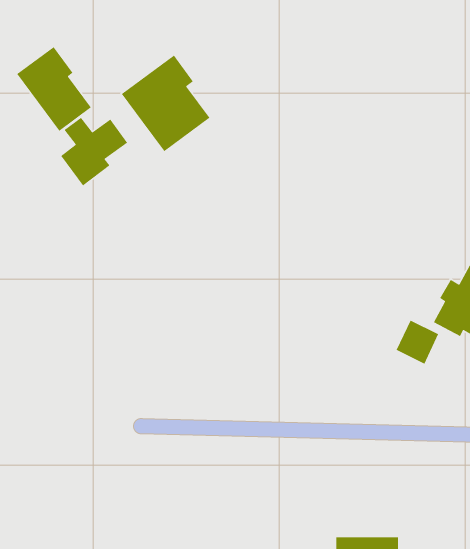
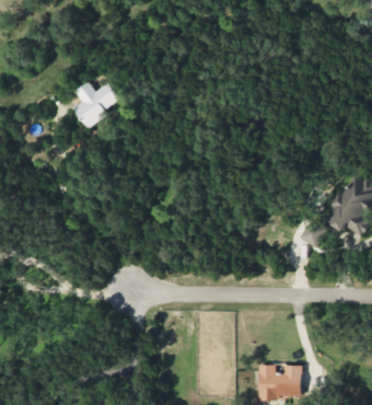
building: [16,46,92,132] -> none
building: [121,54,211,152] -> none

